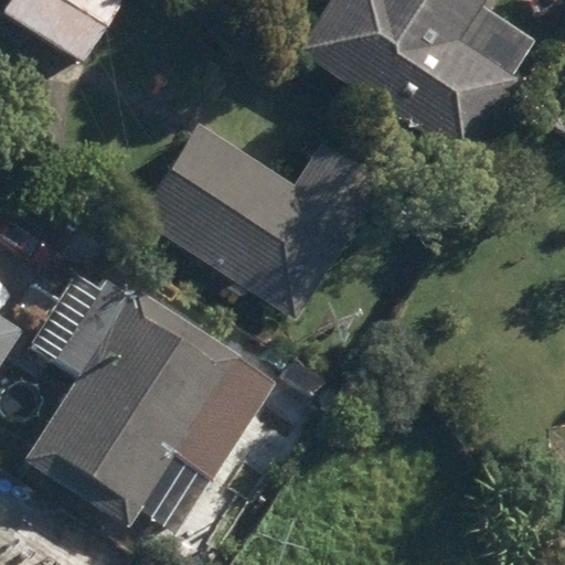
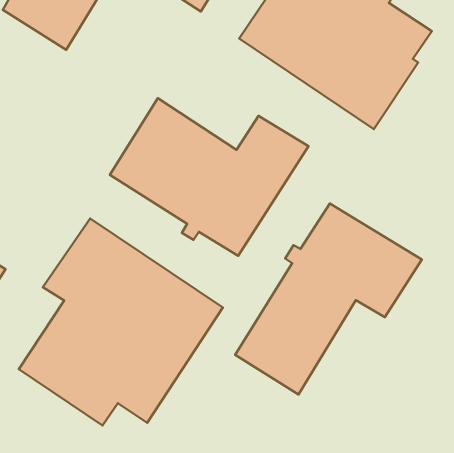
building: none -> [235,203,422,395]

